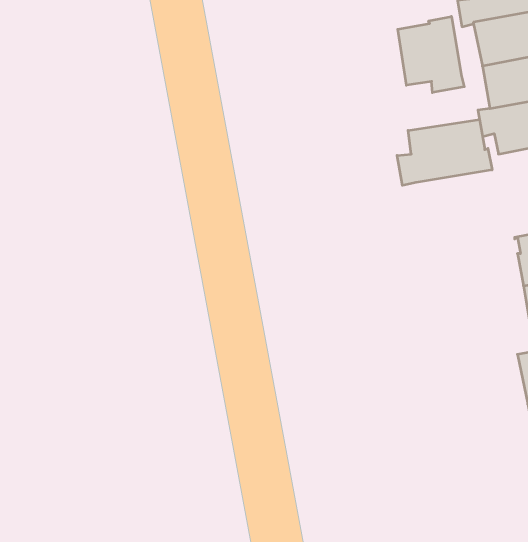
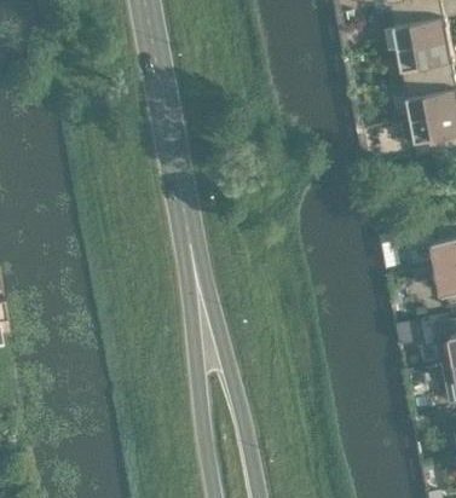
building: [398,16,464,93] -> none
building: [397,120,492,185] -> none

